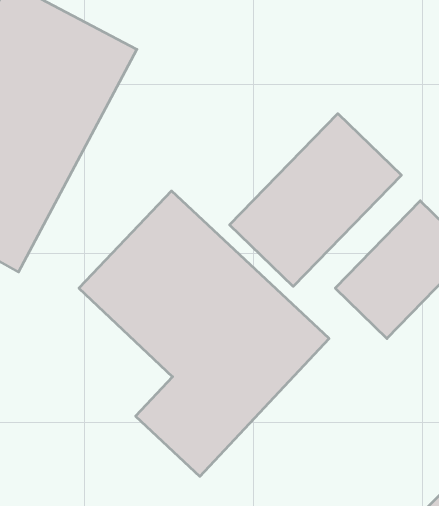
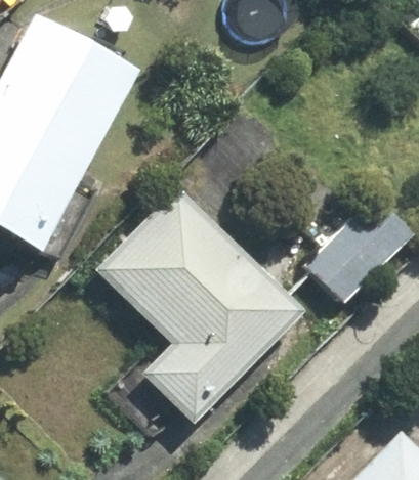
building: [230,114,401,286] -> none

